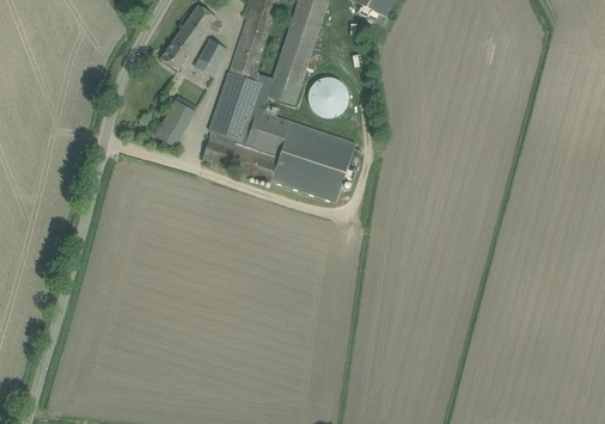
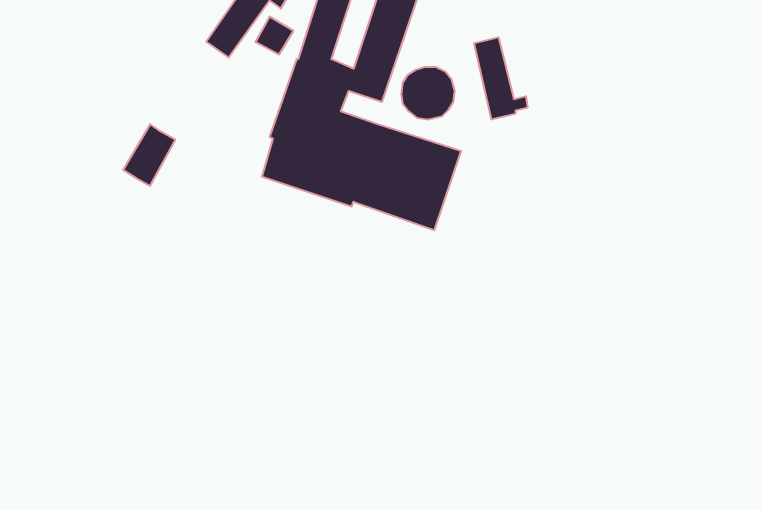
building: none -> [474,37,527,120]
building: [154,99,194,146] -> [123,124,175,186]

